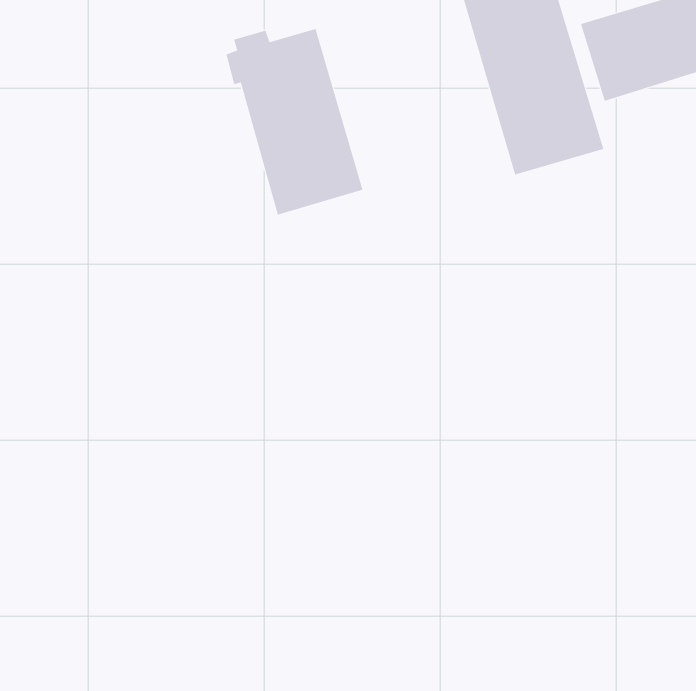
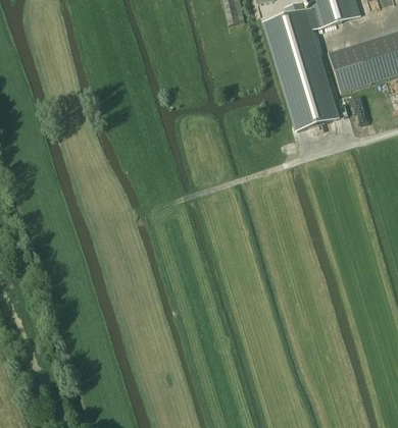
building: [226,28,363,215] -> none

